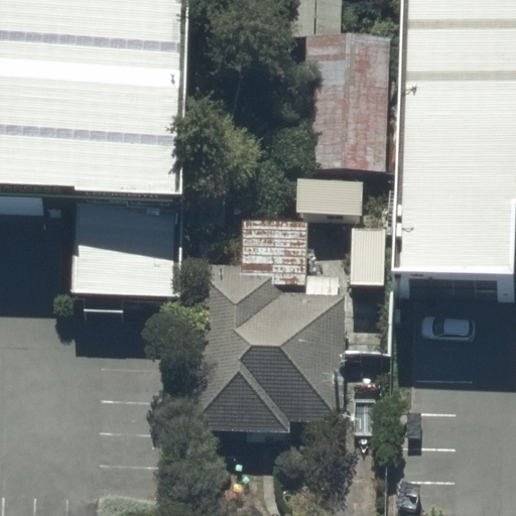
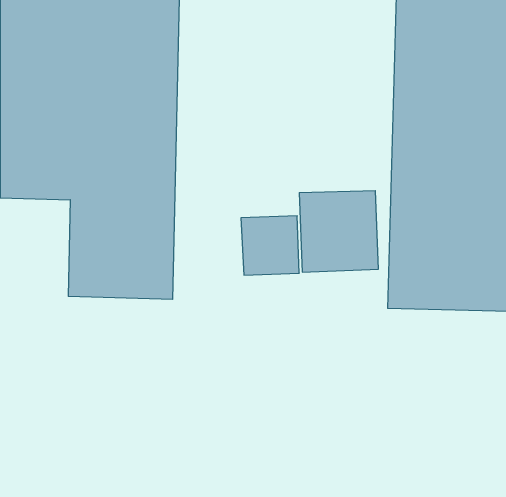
building: [299,34,380,180] -> none
building: [197,297,351,431] -> none

